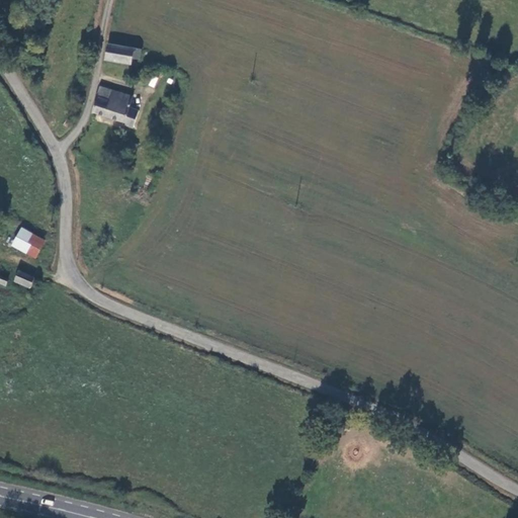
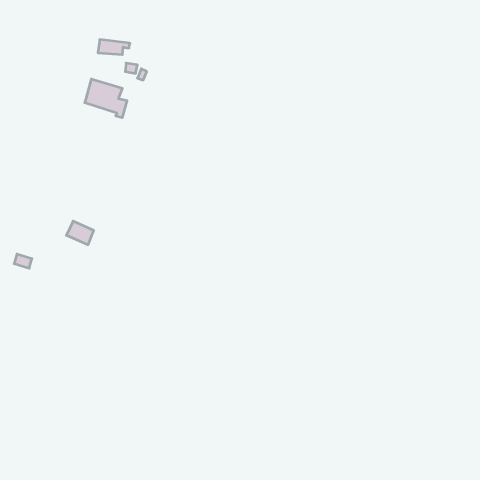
building: [13,230,42,255] -> [66,221,94,245]

